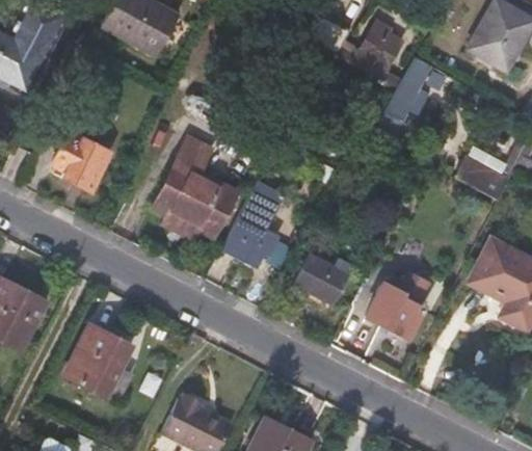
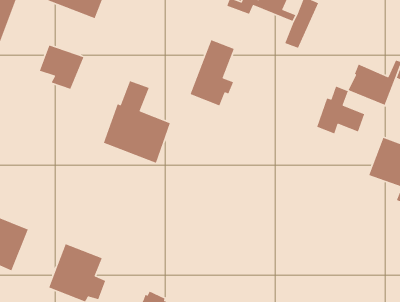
building: [54,133,111,191] -> [39,44,84,90]
building: [221,182,283,265] -> [189,39,235,107]
building: [294,255,353,303] -> none
building: [363,270,424,330] -> [316,85,365,134]

